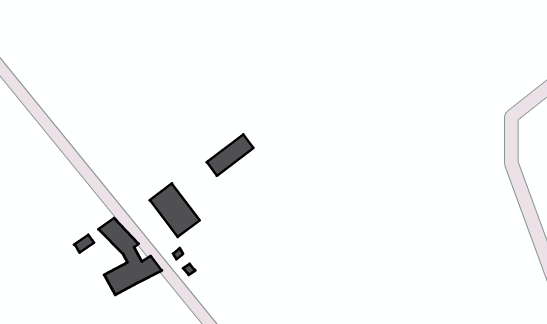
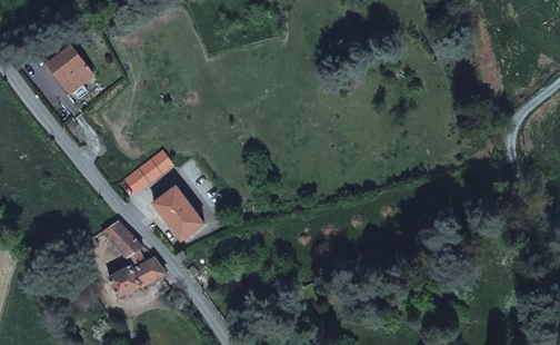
building: none -> [47,46,91,92]
building: [207,134,253,176] -> [124,151,171,193]

